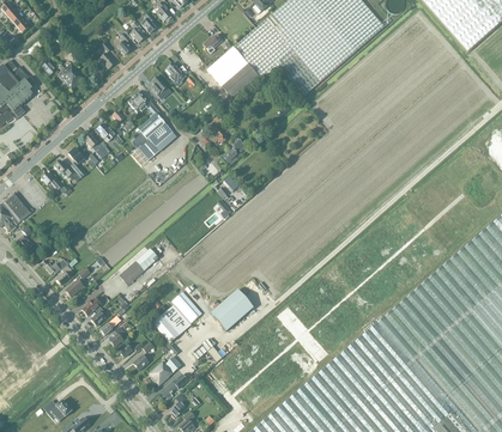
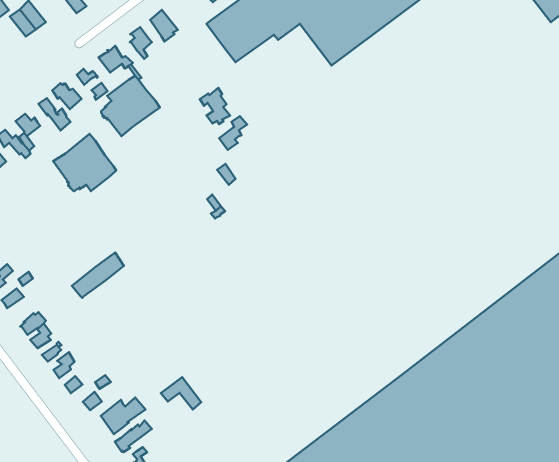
building: none -> [53,134,116,191]
building: [208,290,252,331] -> none
building: [151,291,201,342] -> none

